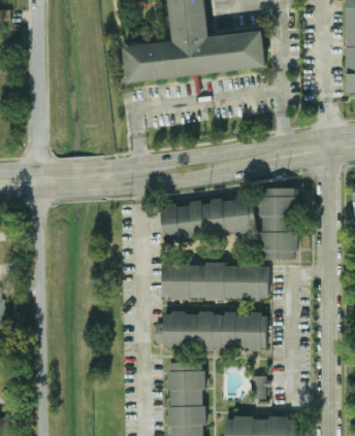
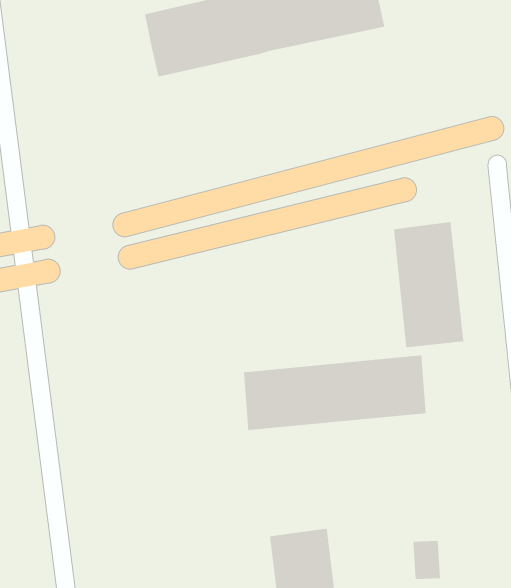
building: [160,195,256,241] -> none
building: [154,312,266,349] -> none

